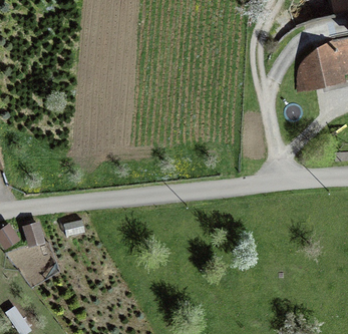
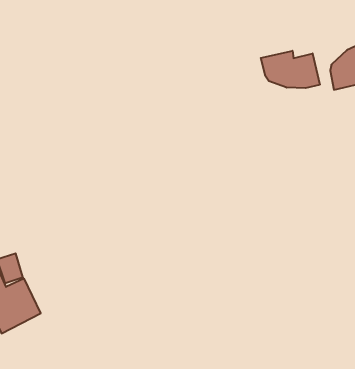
building: none -> [261,51,320,88]

